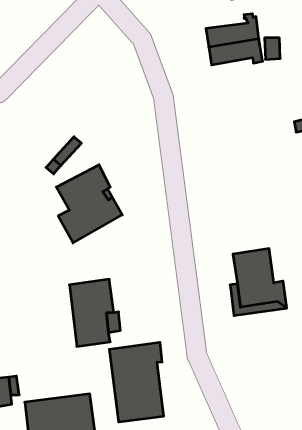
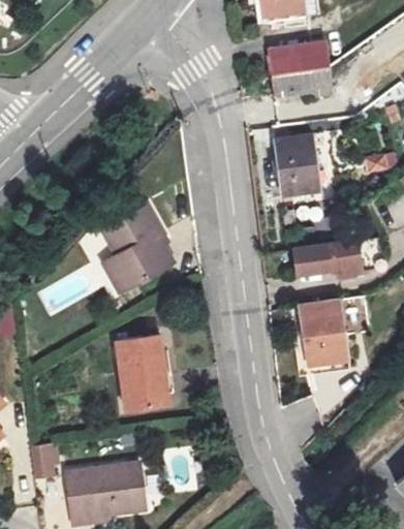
building: none -> [274,134,319,194]
building: none -> [293,240,356,274]
building: [109,342,163,422] -> none

